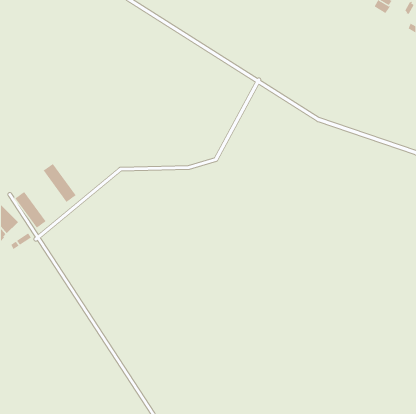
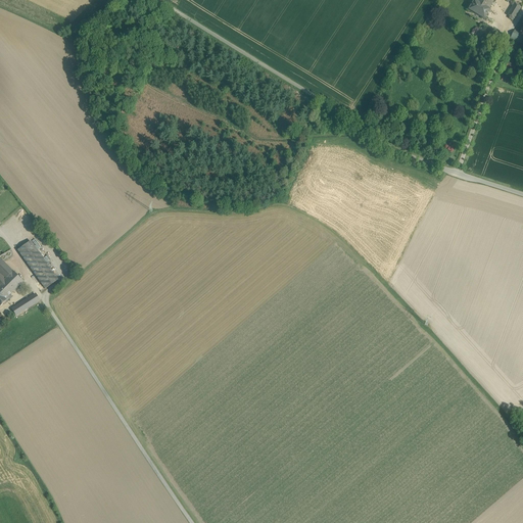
building: [43,163,77,203] -> none

